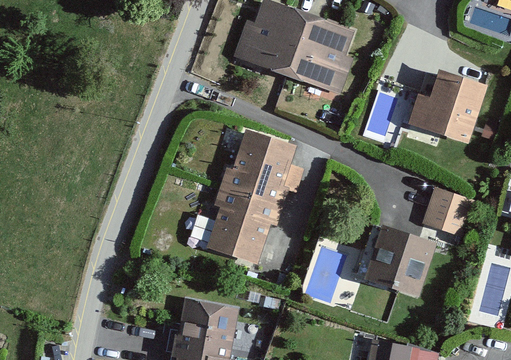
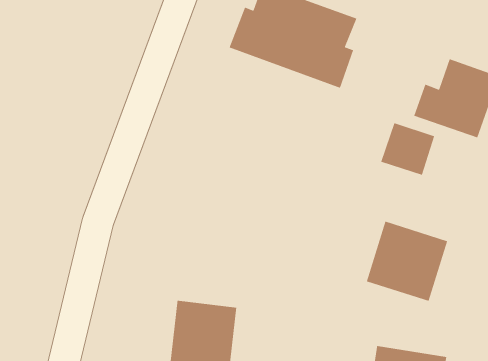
building: [204,128,294,263] -> none
building: [417,187,469,238] -> [380,122,435,176]

